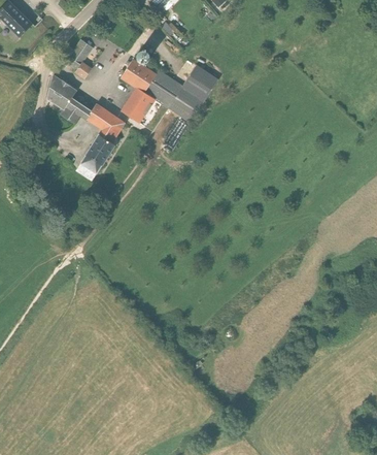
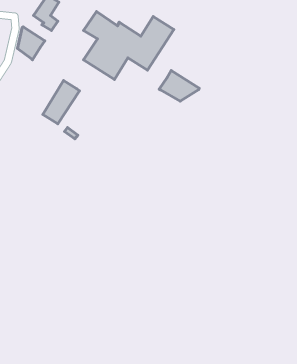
building: [60,96,126,141] -> none
building: none -> [159,70,199,101]

